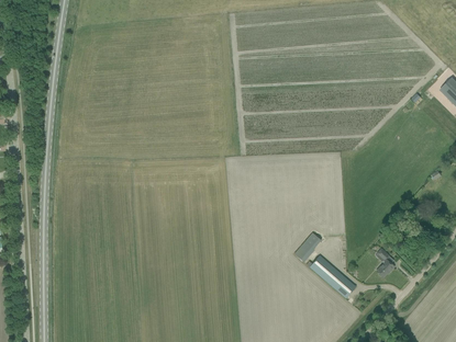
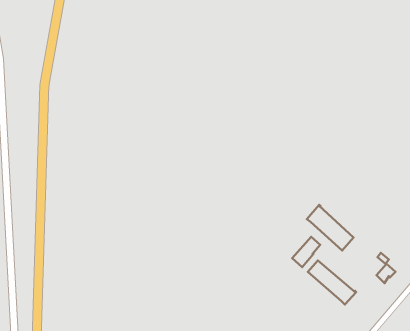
building: none -> [307,205,353,250]

